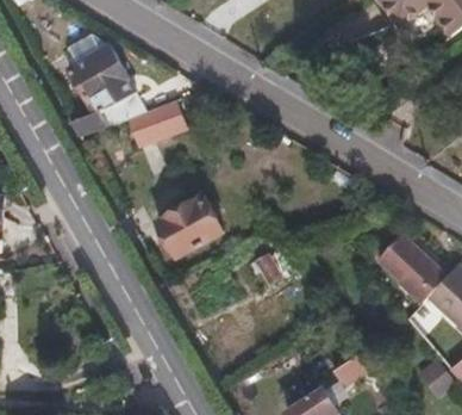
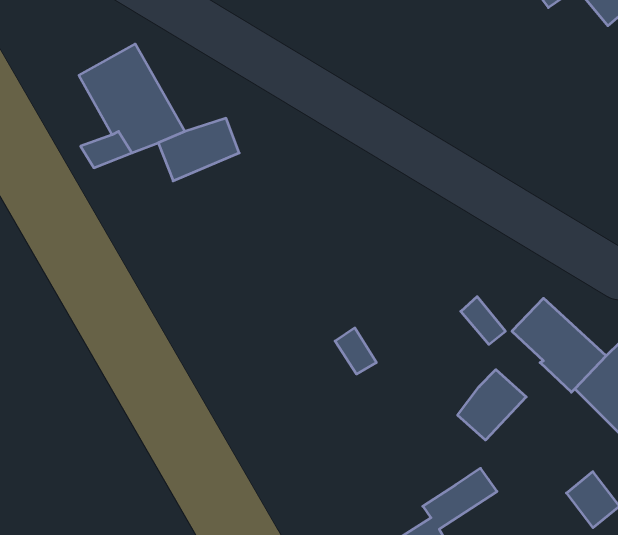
building: [158,194,223,255] -> none
building: none -> [458,370,526,440]

